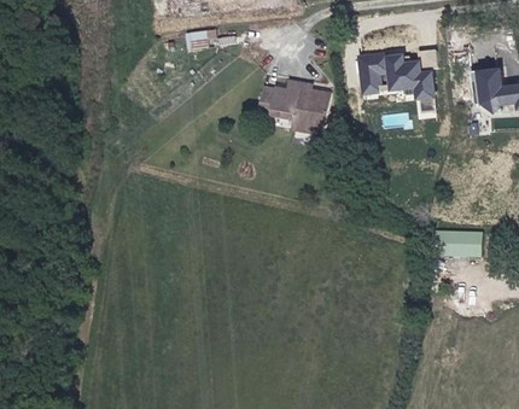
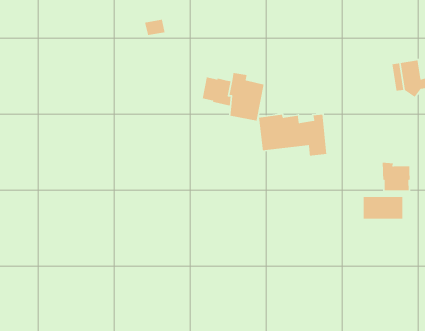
building: [361,48,439,97] -> [258,114,327,157]
building: none -> [382,162,410,191]

